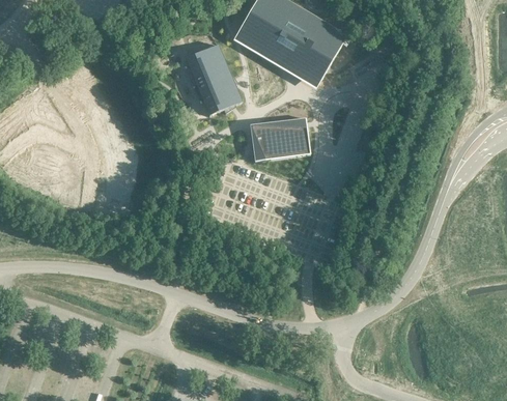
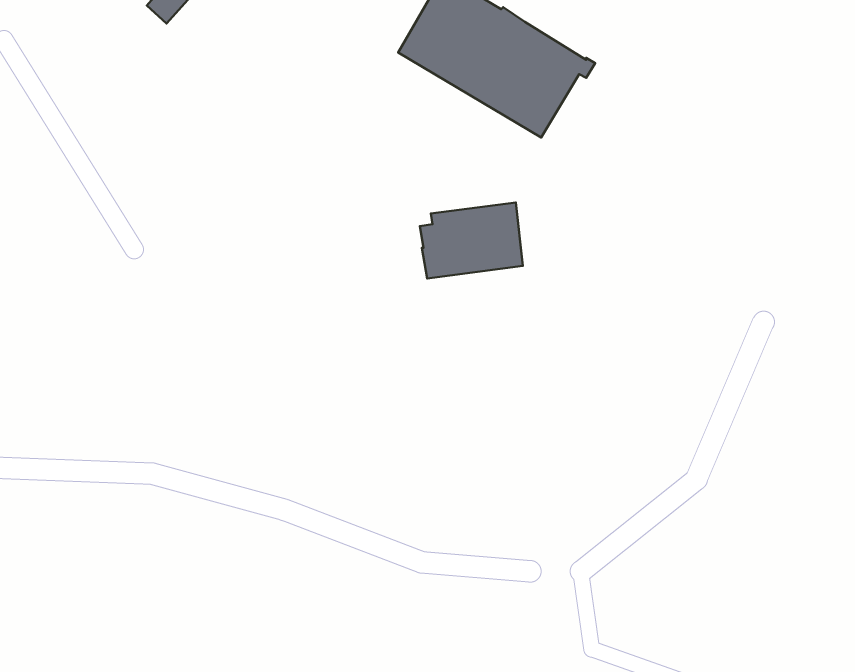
building: [184,45,241,115] -> none

